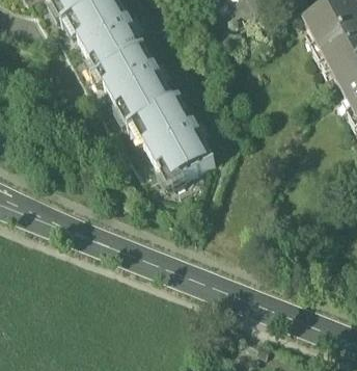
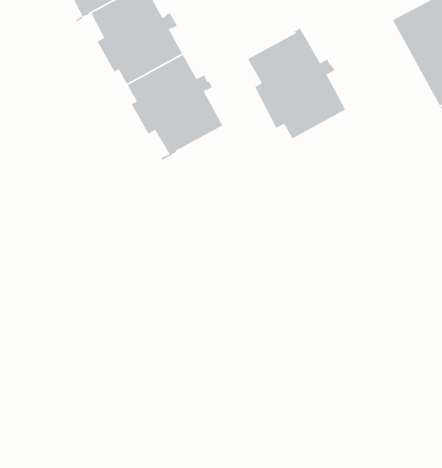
building: [140,100,216,186] -> [247,27,346,140]

